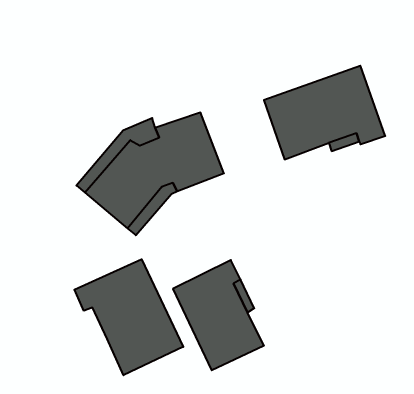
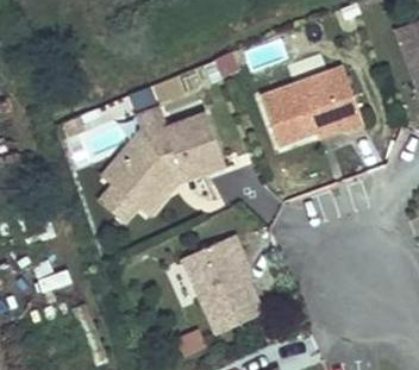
building: [74,259,183,375] -> none

